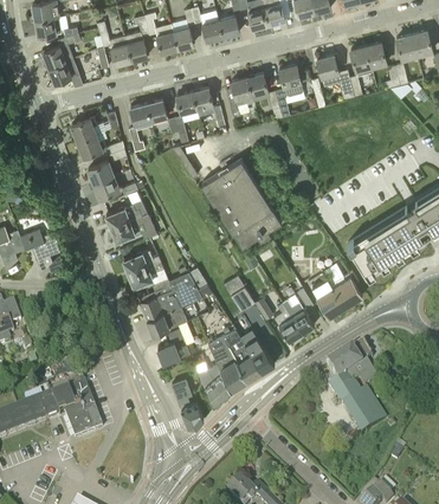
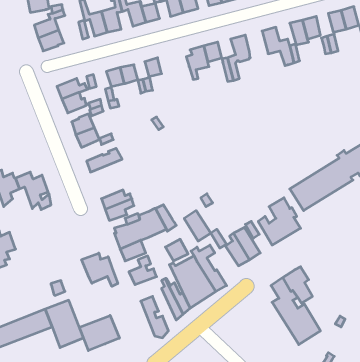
building: [192,85,226,124] -> none
building: [201,157,282,247] -> none
building: [111,212,157,240] -> none
building: none -> [82,253,118,286]
building: none -> [80,315,119,351]

